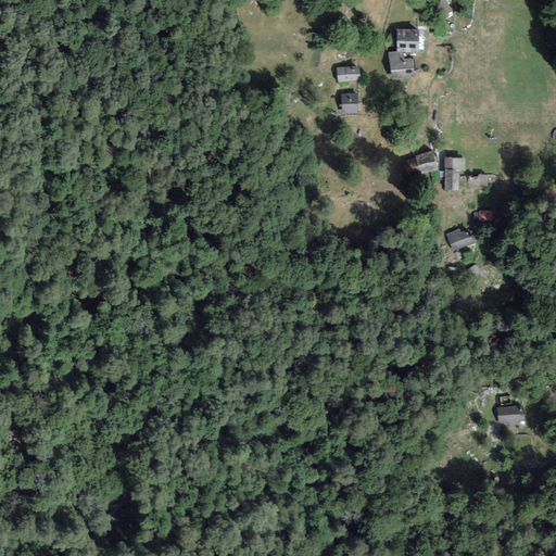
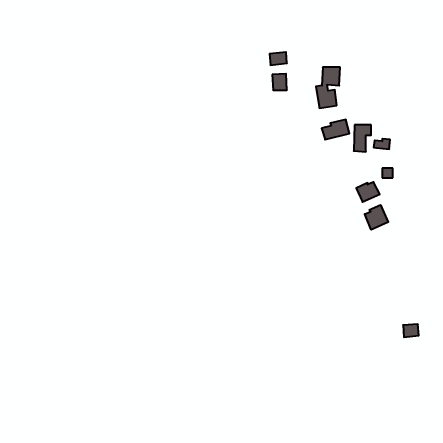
building: [389,28,419,79] -> [316,67,340,108]
building: none -> [365,205,388,230]

